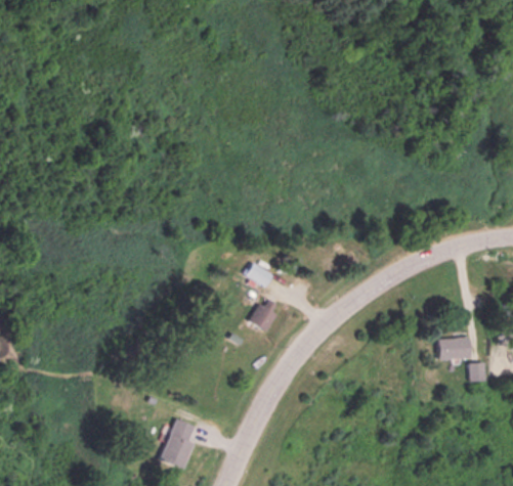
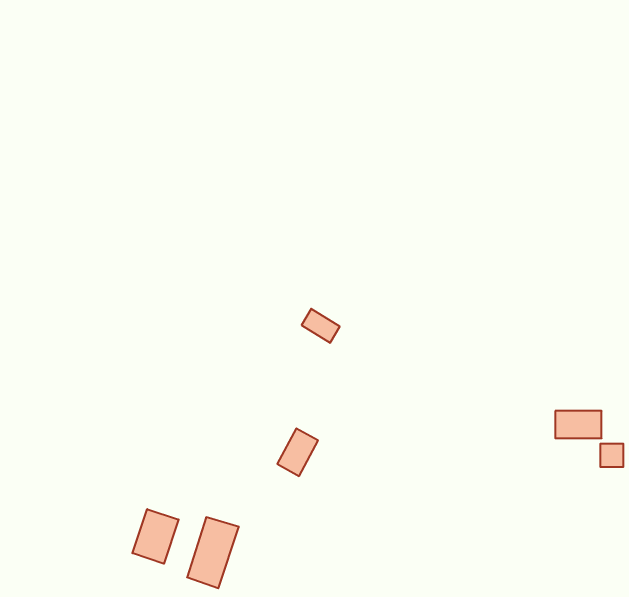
building: [250,296,281,332] -> [277,428,318,476]
building: none -> [132,509,179,564]

